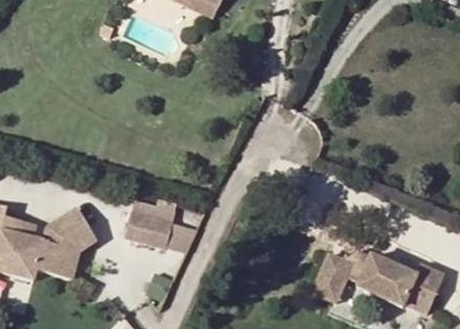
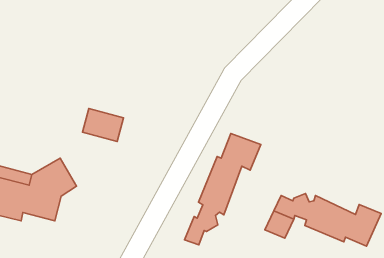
building: none -> [185,133,261,245]
building: [127,212,173,249] -> [83,109,123,141]

